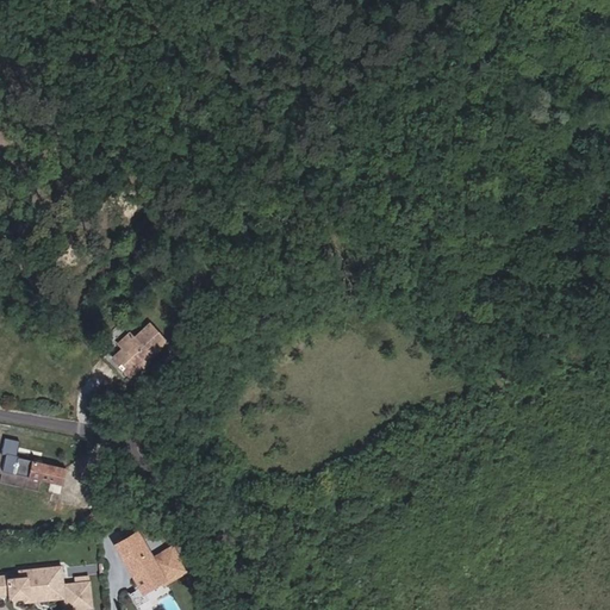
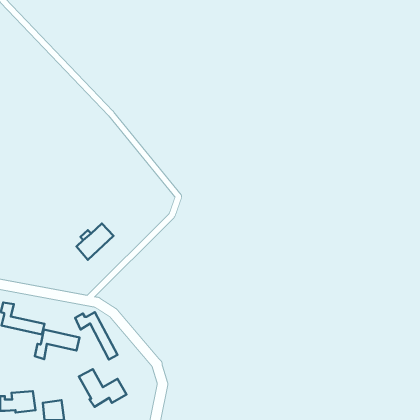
building: none -> [75,312,117,359]
building: none -> [35,330,80,359]

